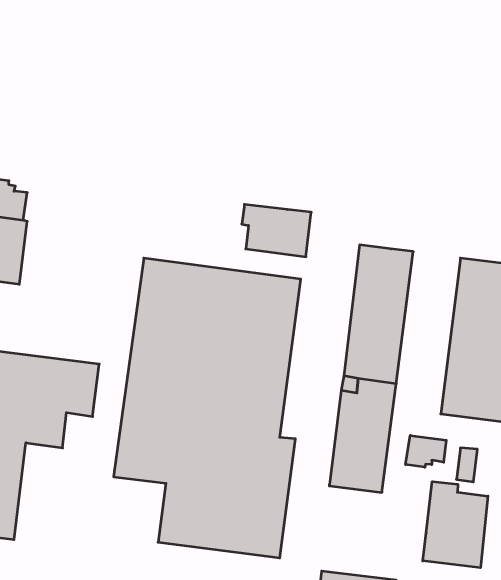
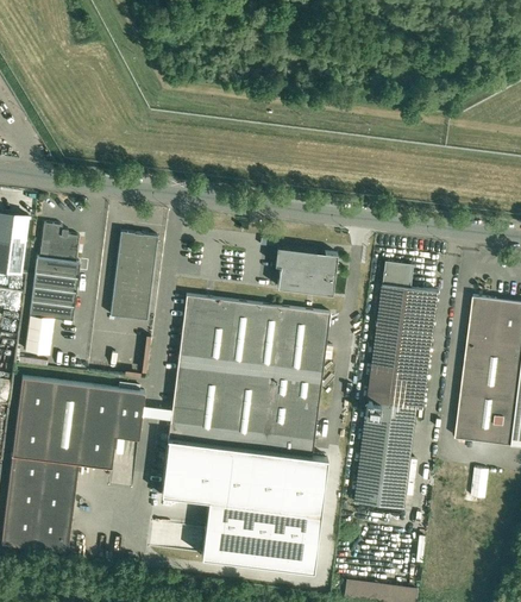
building: none -> [111,233,157,320]
building: none -> [382,261,413,287]
building: [406,435,446,467] -> none
building: [423,482,488,568] -> none

